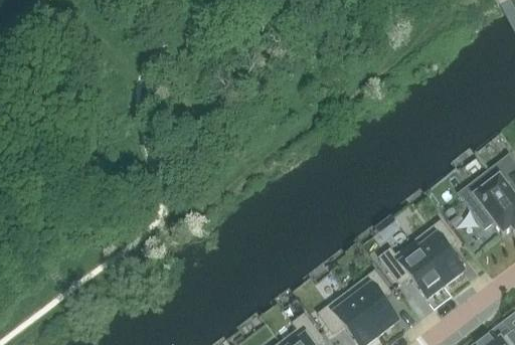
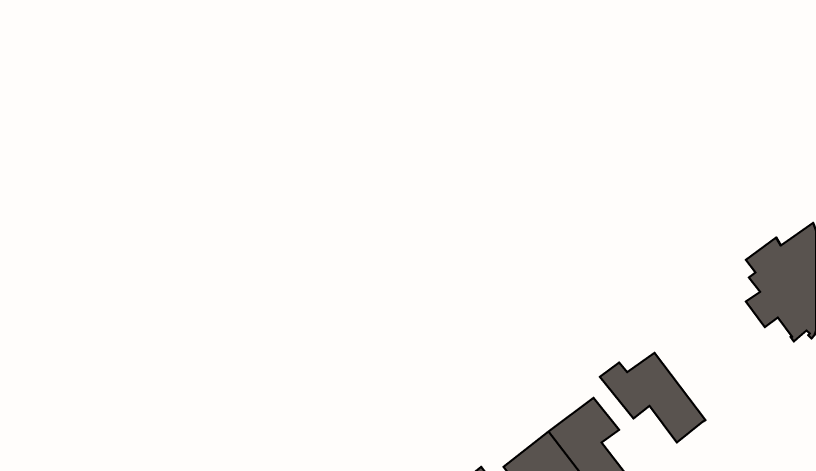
building: [411,223,462,288] -> none

